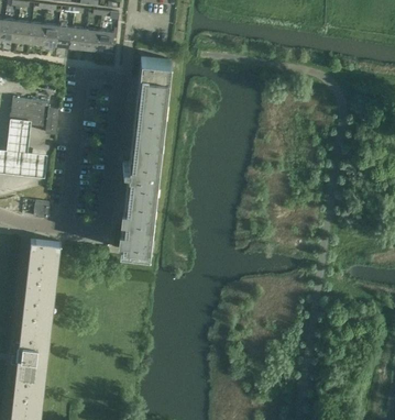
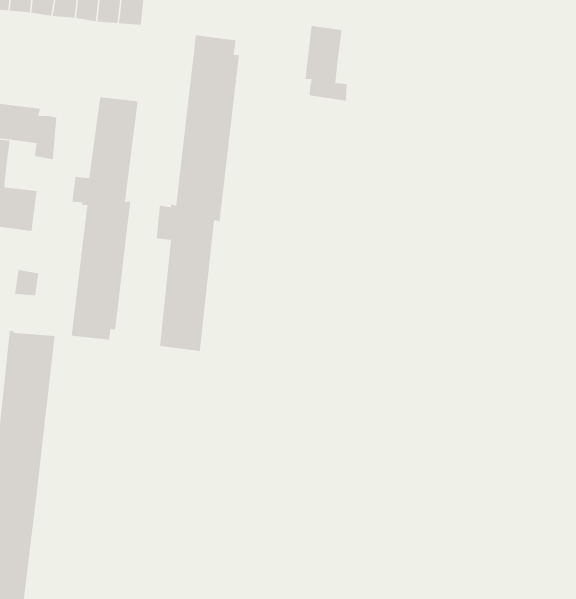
building: none -> [304,25,347,102]
building: none -> [71,97,139,340]

